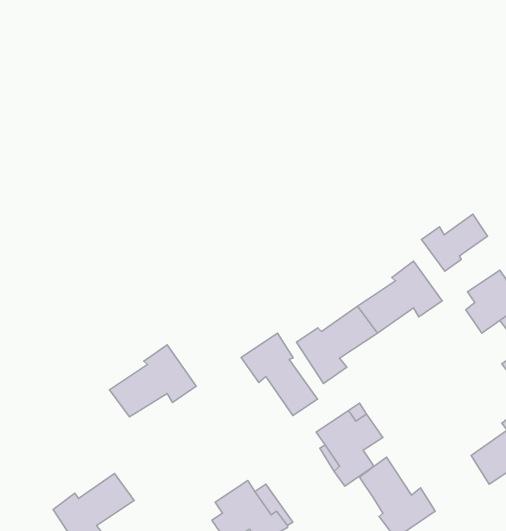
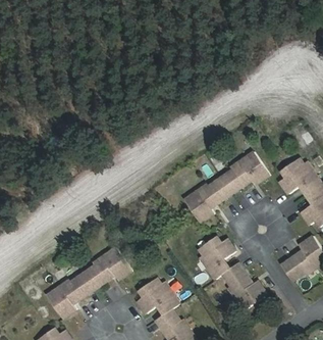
building: [421,214,488,271] -> none
building: [241,333,318,416] -> none
building: [110,345,196,417] -> [82,247,130,288]

